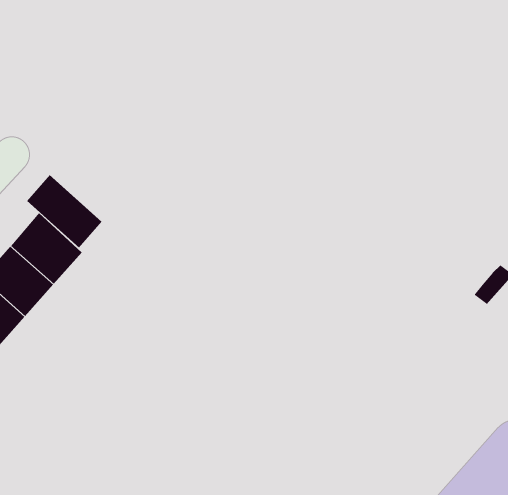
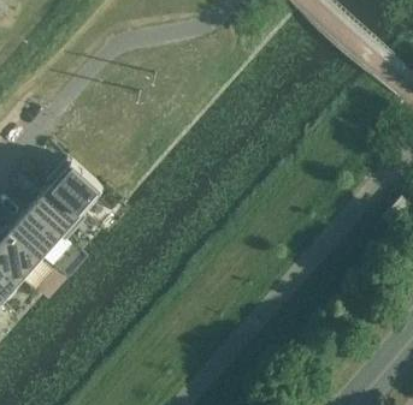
building: [26,174,103,248] -> none

